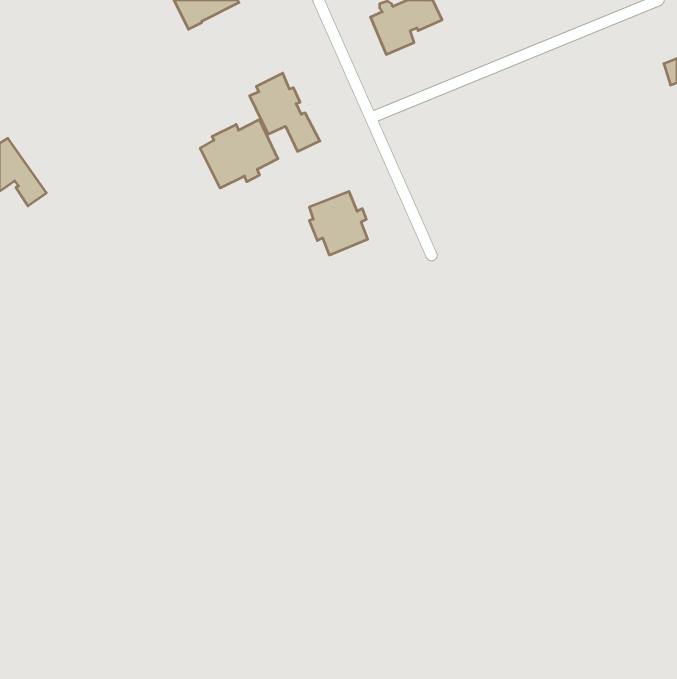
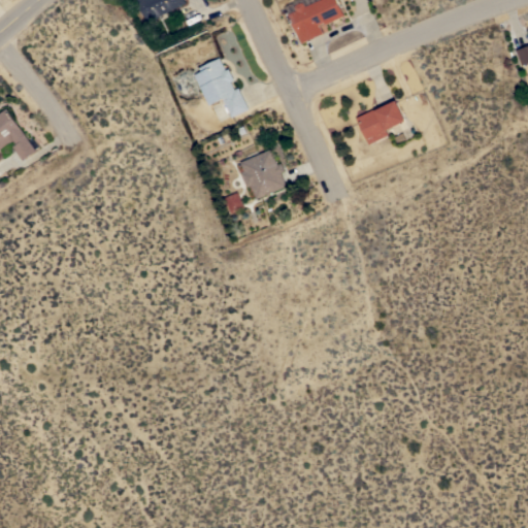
building: [200,120,278,188] -> none
building: none -> [355,99,405,144]

